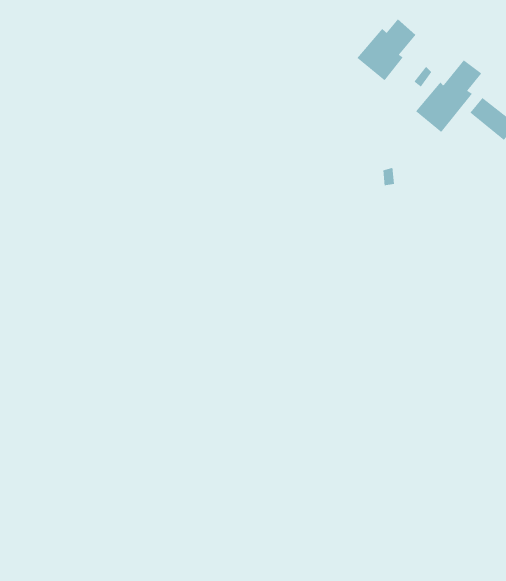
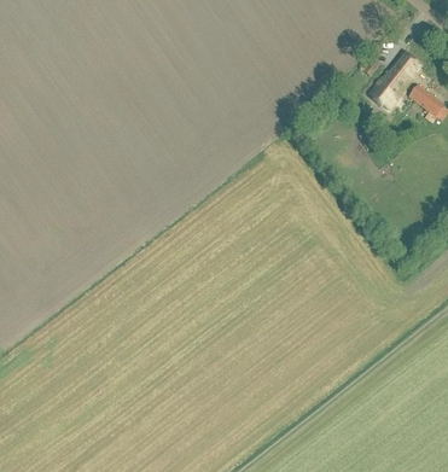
building: [357,19,416,81] -> none

